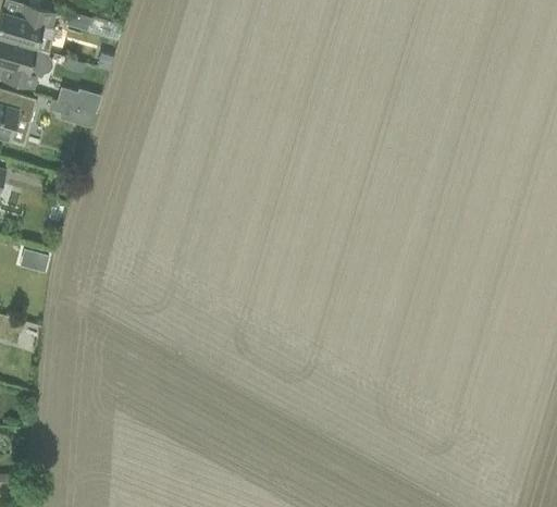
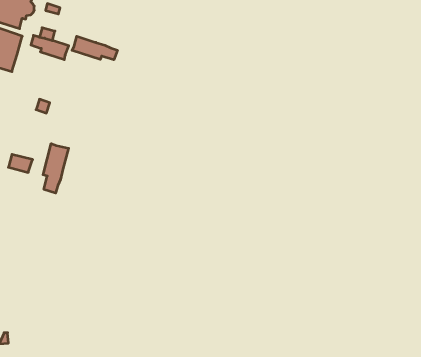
building: none -> [72,36,117,60]
building: none -> [43,144,69,193]

